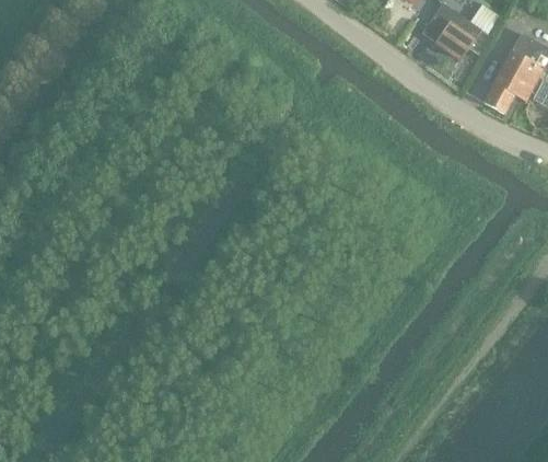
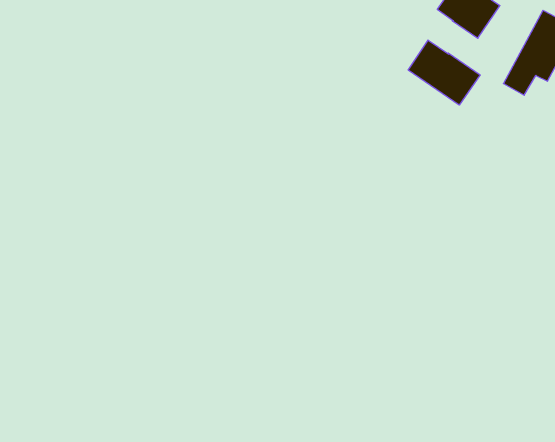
building: none -> [408,40,480,105]

